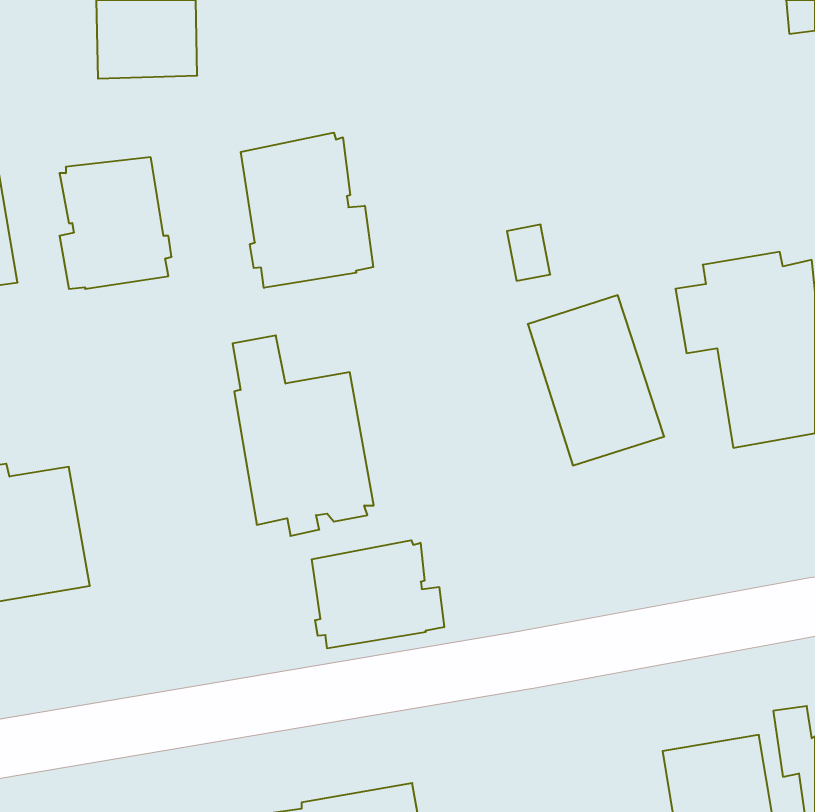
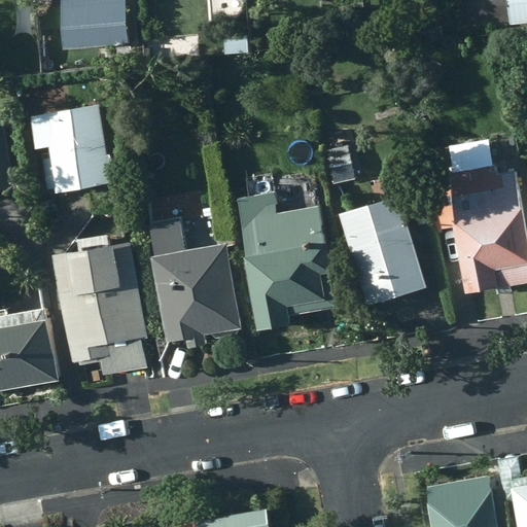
building: [241,133,373,288] -> none
building: none -> [235,191,335,328]
building: none -> [50,235,146,376]
building: [312,540,444,648] -> none

